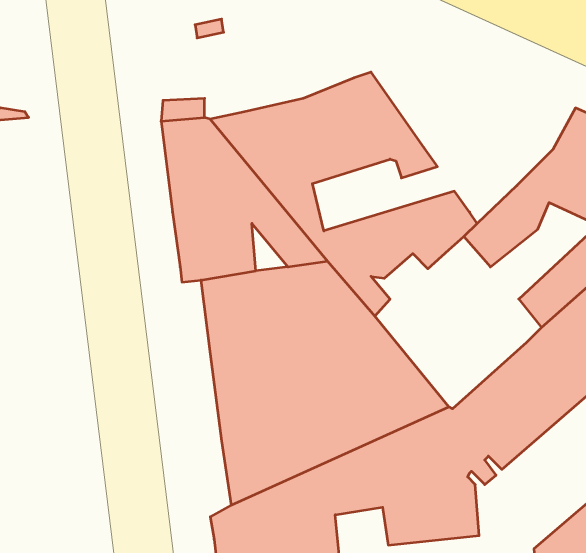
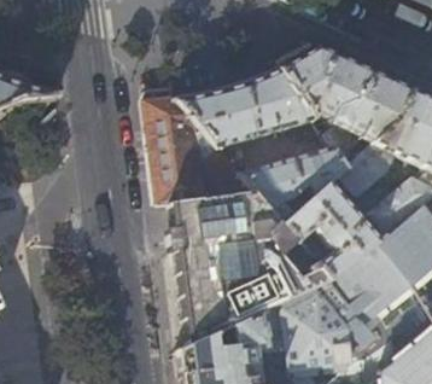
building: none -> [276,48,407,158]
building: none -> [279,182,375,284]

